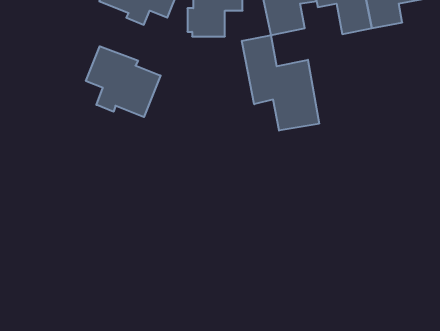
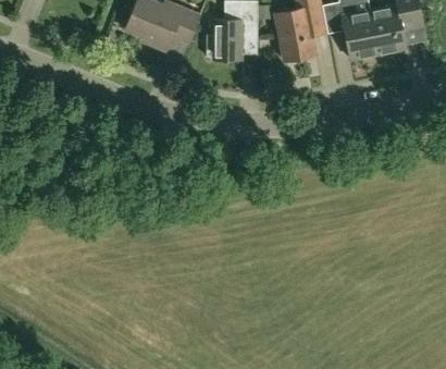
building: [242,35,319,131] -> none
building: [86,46,161,117] -> none

